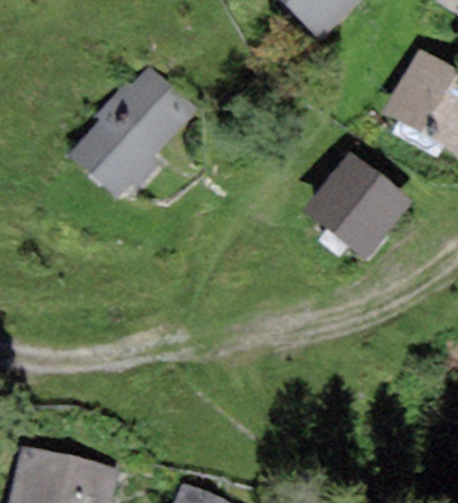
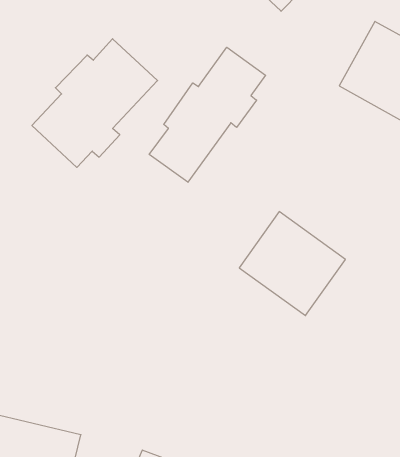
building: none -> [149,47,266,182]
building: [303,153,410,259] -> [239,212,345,316]

